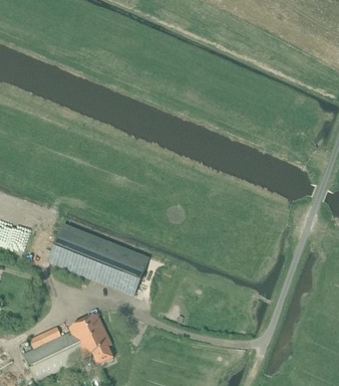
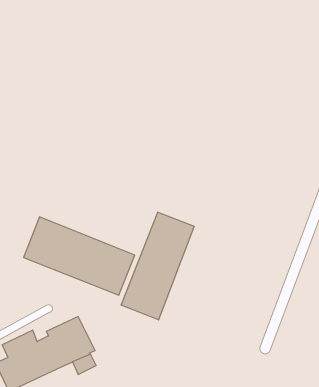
building: none -> [121,212,194,320]

